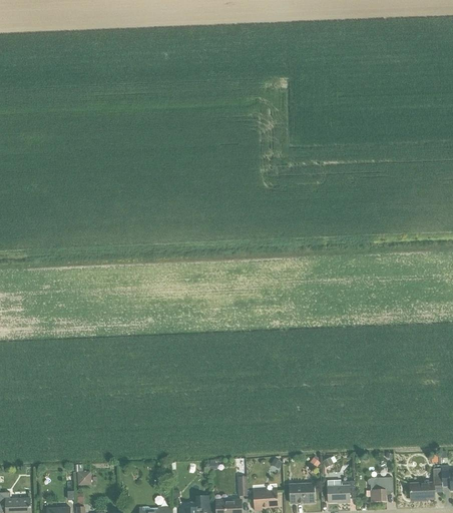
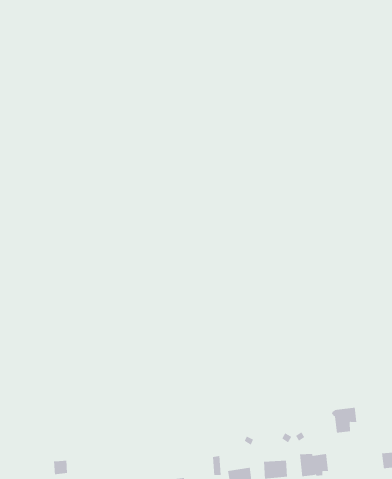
building: [367,477,393,502] -> [331,407,357,433]

